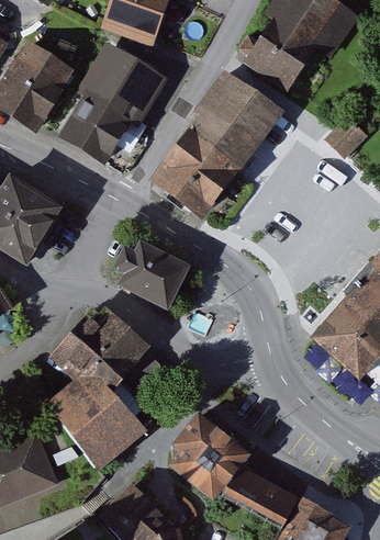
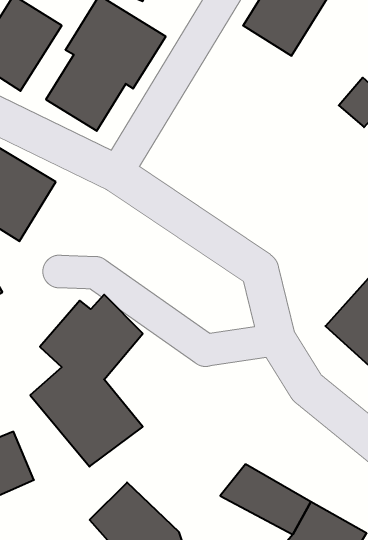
building: [157,80,277,217] -> none
building: [120,246,188,308] -> none
building: [168,410,248,497] -> none

